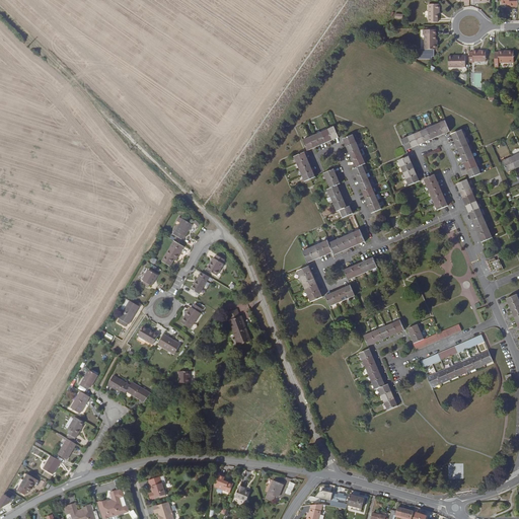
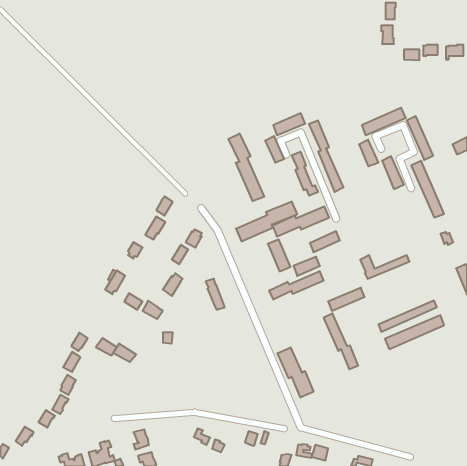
building: none -> [229,133,264,201]
building: none -> [236,201,297,241]
building: none -> [269,271,323,300]
building: [407,323,462,350] -> [360,255,410,279]
building: none -> [278,347,313,397]

